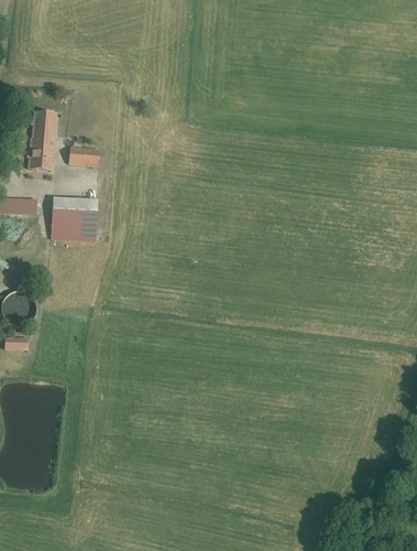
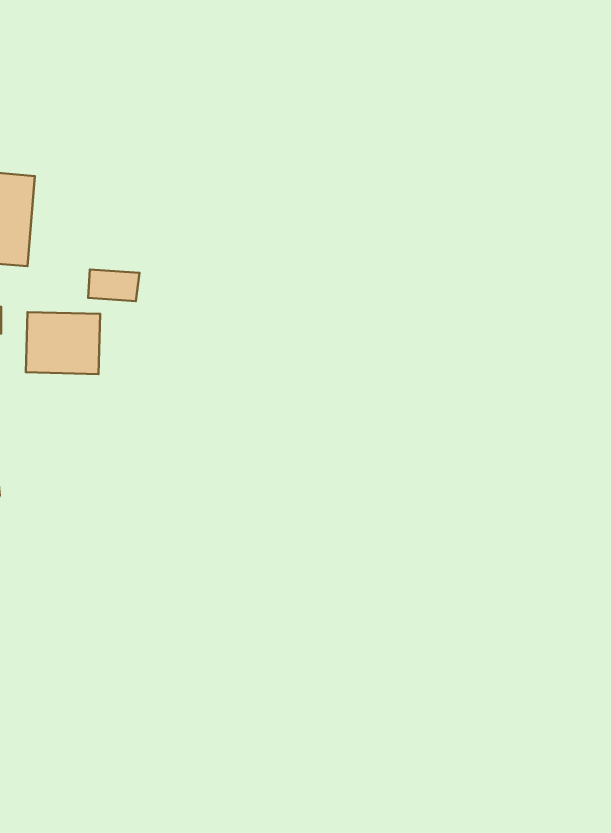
building: [68,148,100,168] -> [88,269,139,301]

